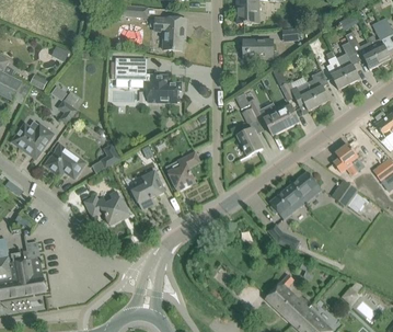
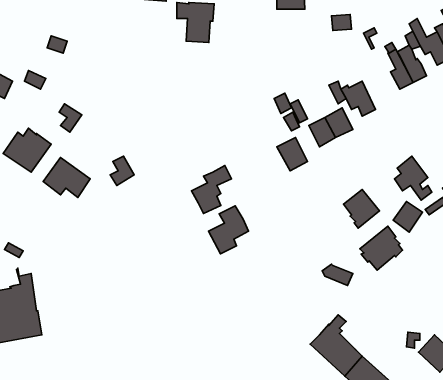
building: [243,39,273,59] -> none
building: [116,58,182,102] -> none
building: [308,70,330,105] -> none
building: [132,170,165,209] -> [209,206,249,254]
building: [269,183,304,219] -> [360,226,402,270]
building: [84,191,129,224] -> none

